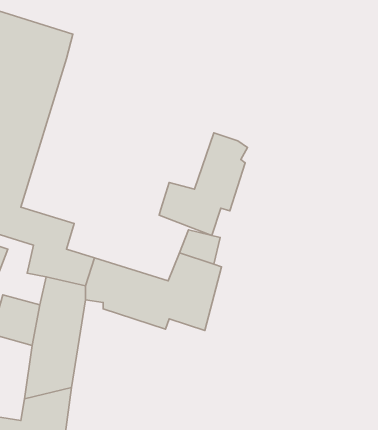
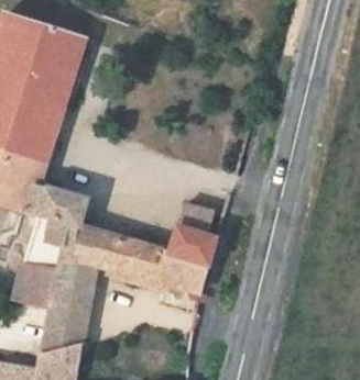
building: [159,133,248,236] -> none

